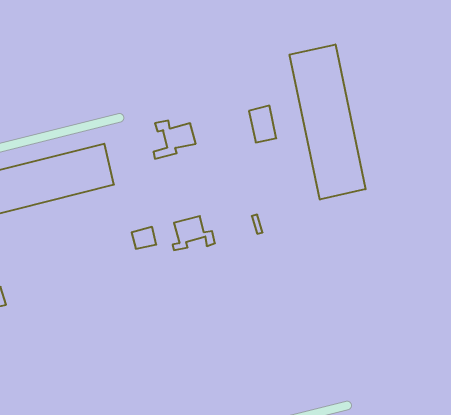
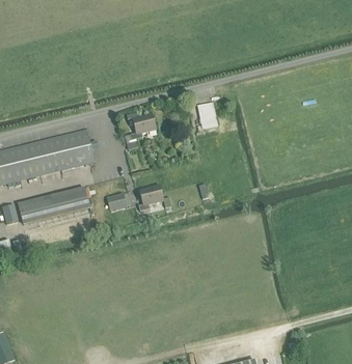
building: [290,44,366,200] -> none
building: none -> [19,187,89,224]

